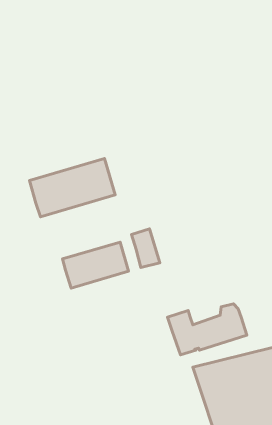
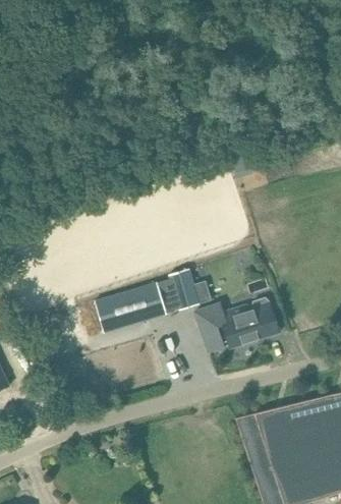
building: [30,159,115,217] -> none
building: [167,304,247,355] -> [194,296,280,351]

